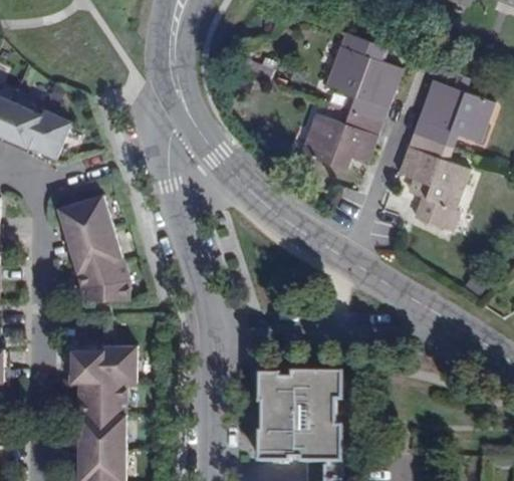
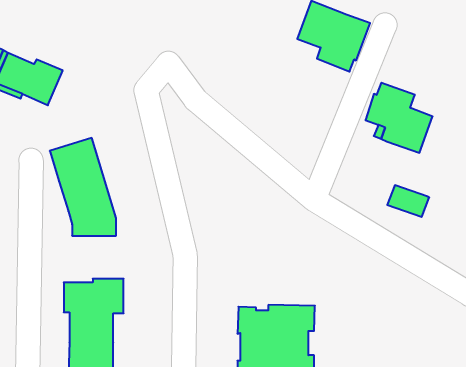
building: [414,79,493,147] -> none
building: [299,107,379,168] -> none
building: [412,197,457,231] -> [387,185,429,217]

